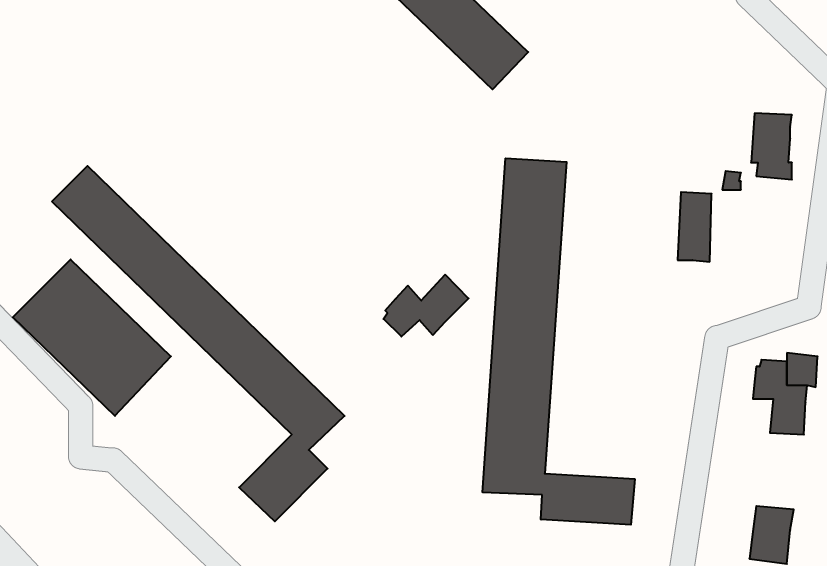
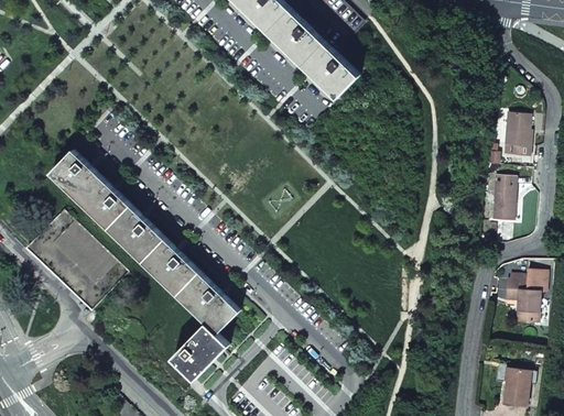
building: [483,158,635,525] -> none
building: [678,192,712,262] -> [492,176,514,221]
building: [383,275,469,337] -> none

